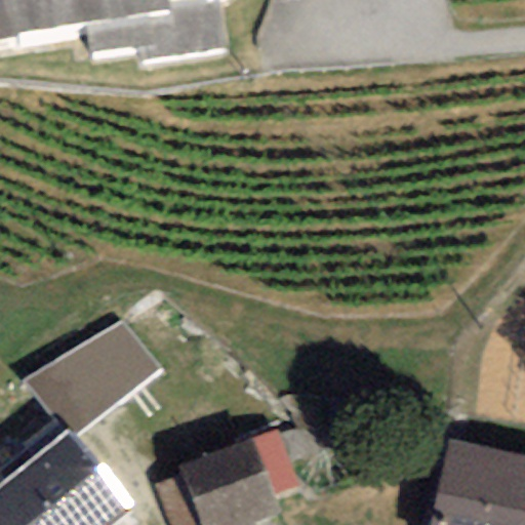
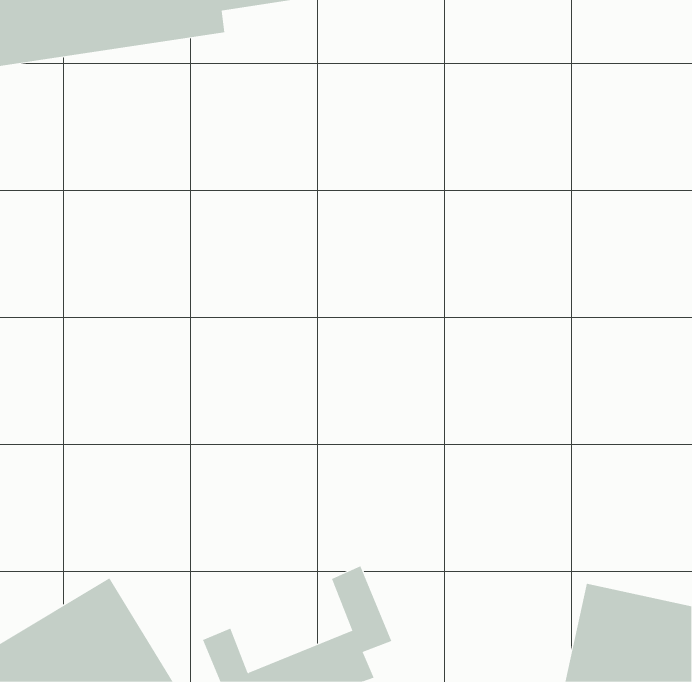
building: [29,310,168,435] -> none

